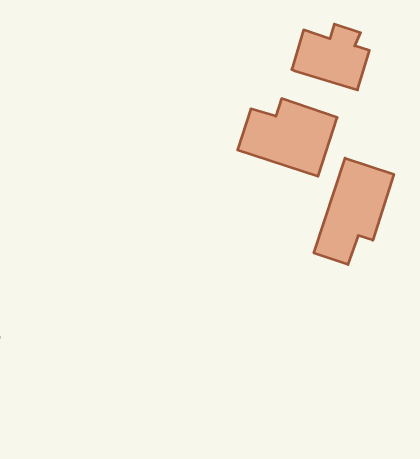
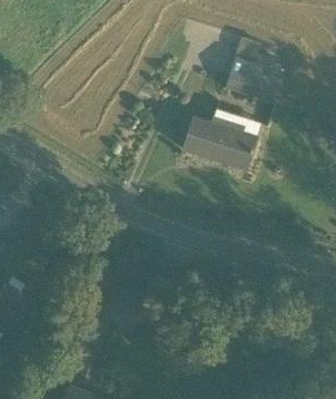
building: [314,158,394,265] -> none

